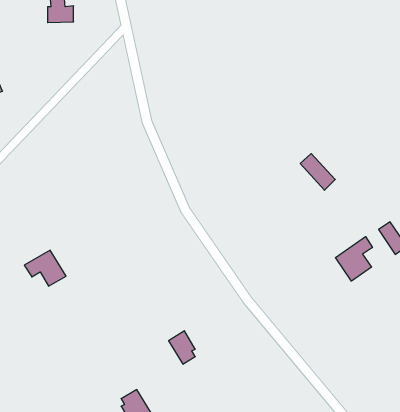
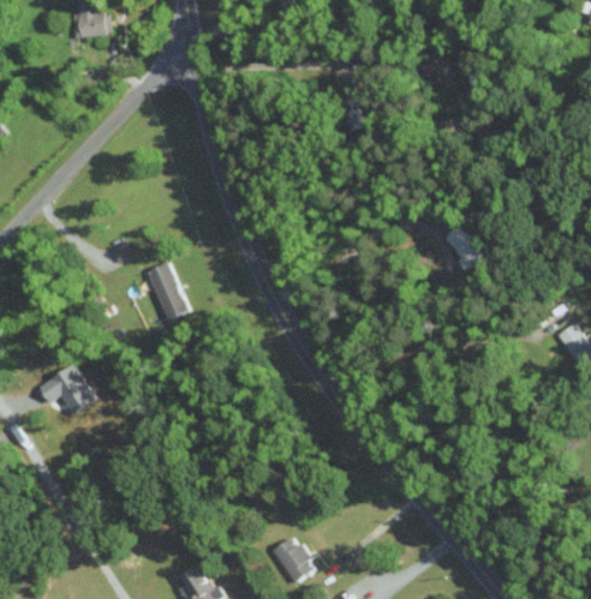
building: none -> [148,262,189,319]
building: [336,237,372,281] -> none
building: [169,331,195,364] -> [274,535,312,583]

